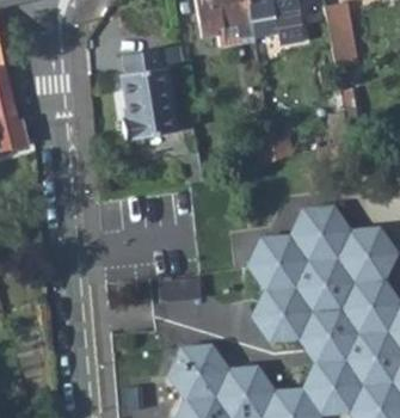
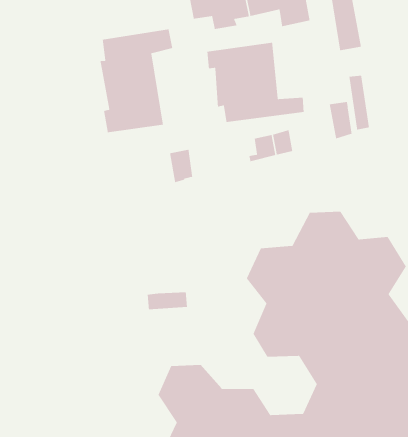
building: none -> [207,42,304,123]

